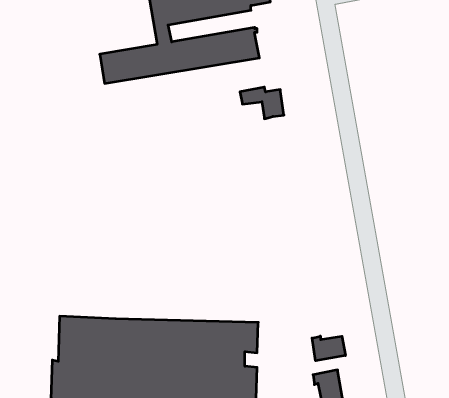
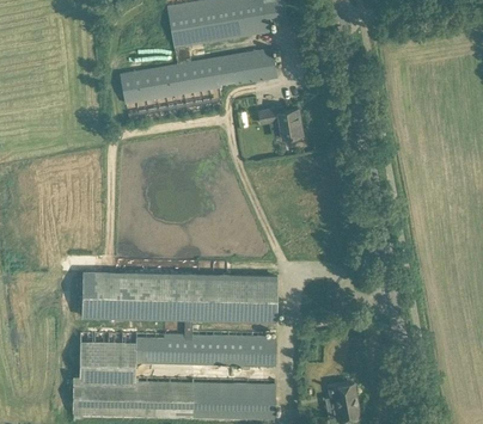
building: none -> [81,271,276,321]
building: [312,336,345,361] -> none

